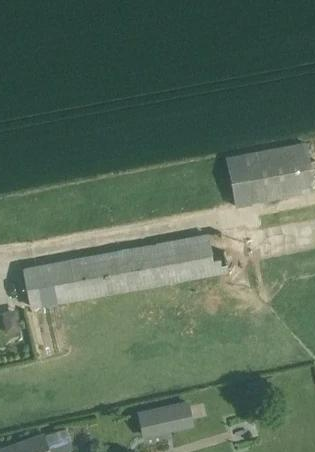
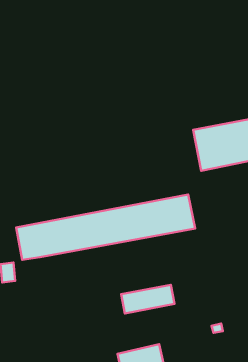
building: none -> [121,285,175,313]

